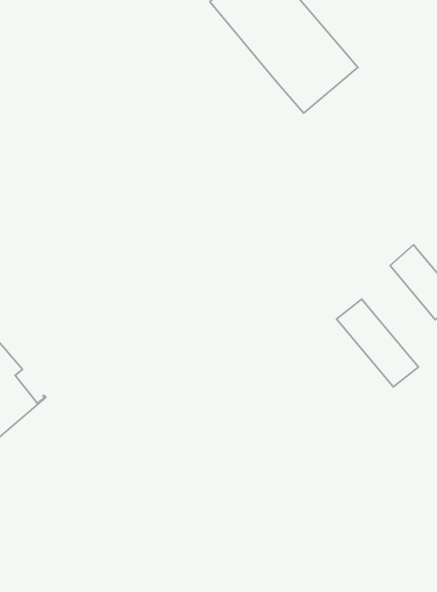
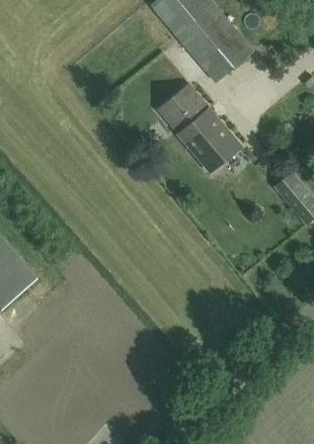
building: none -> [157,83,240,172]
building: [337,299,418,387] -> none

